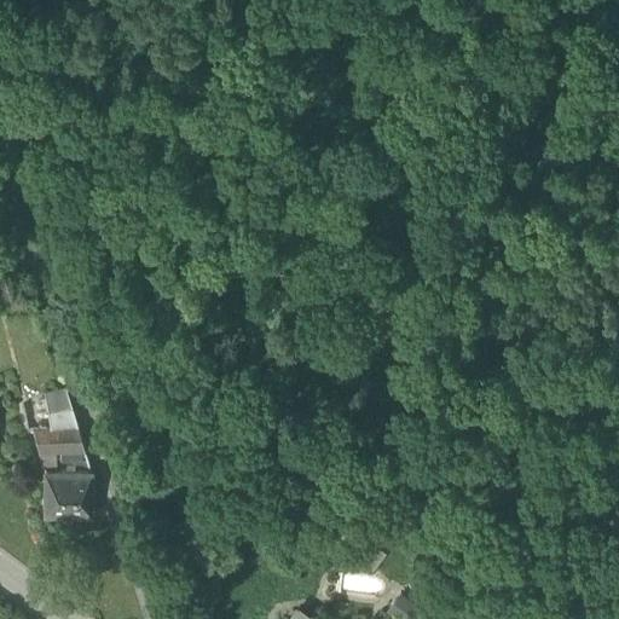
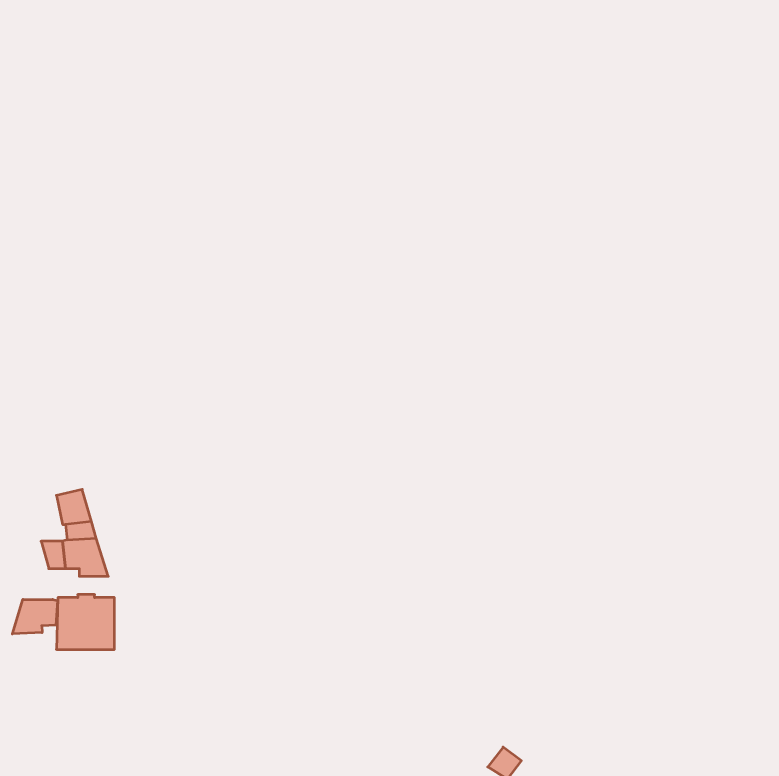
building: none -> [12,599,57,634]

